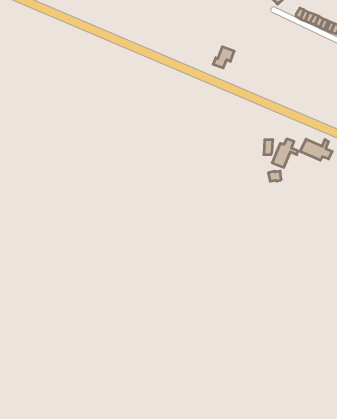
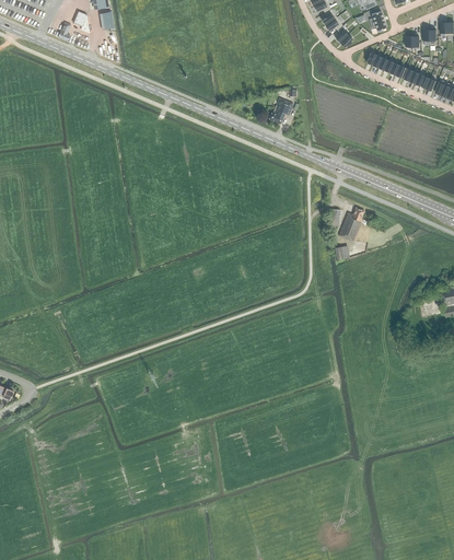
building: [300,139,332,160] -> none

